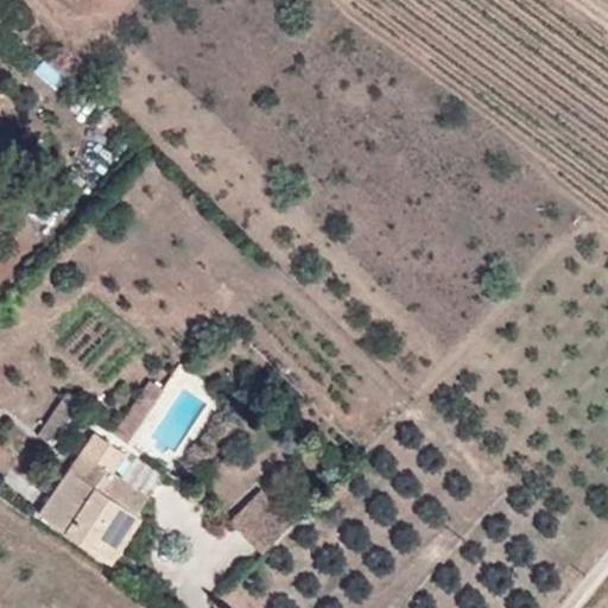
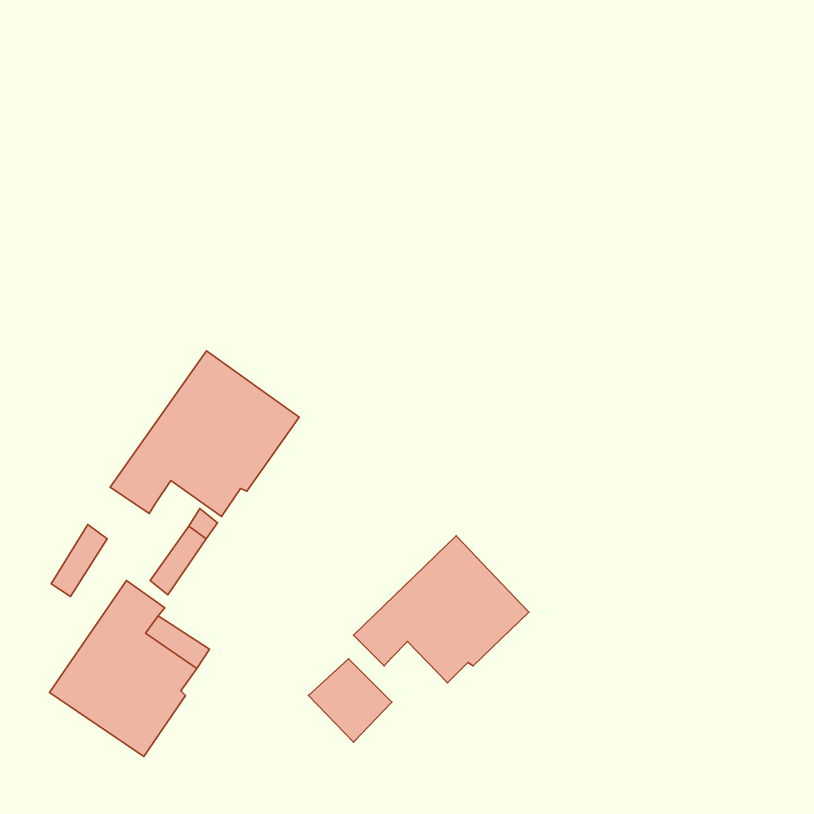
building: none -> [110,351,299,516]
building: none -> [353,536,529,683]

